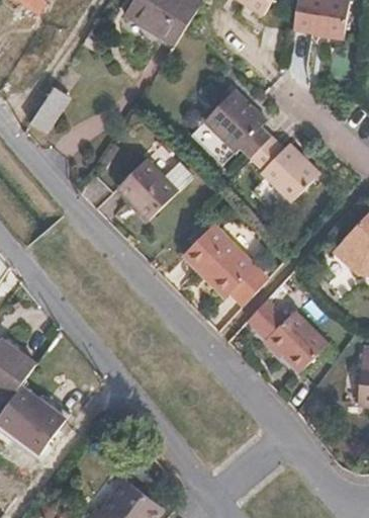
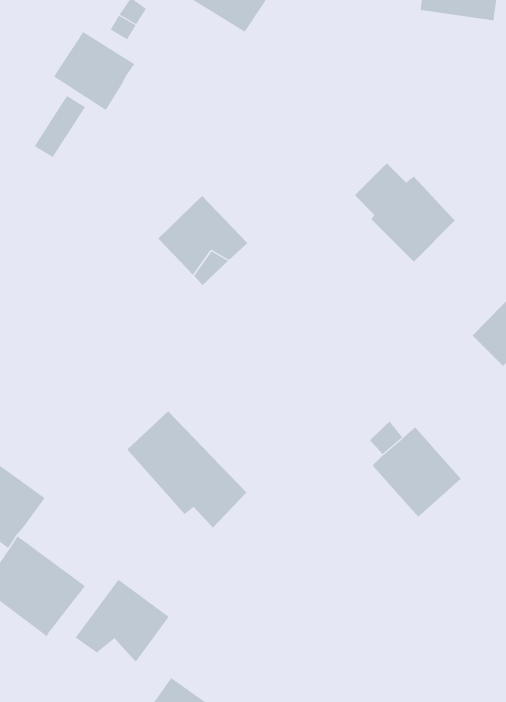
building: none -> [53,31,135,111]
building: [205,88,271,157] -> none
building: [181,227,263,307] -> [127,411,247,528]
building: none -> [75,579,170,663]

